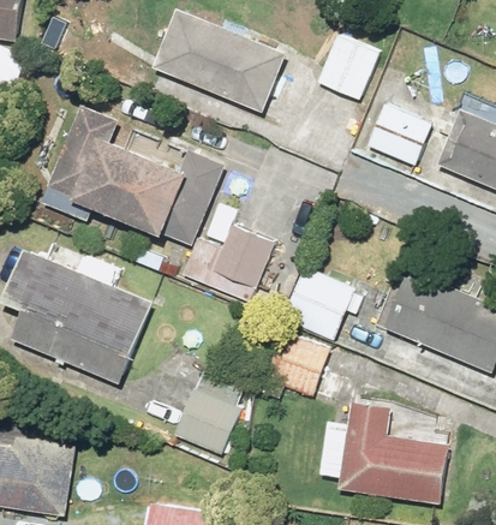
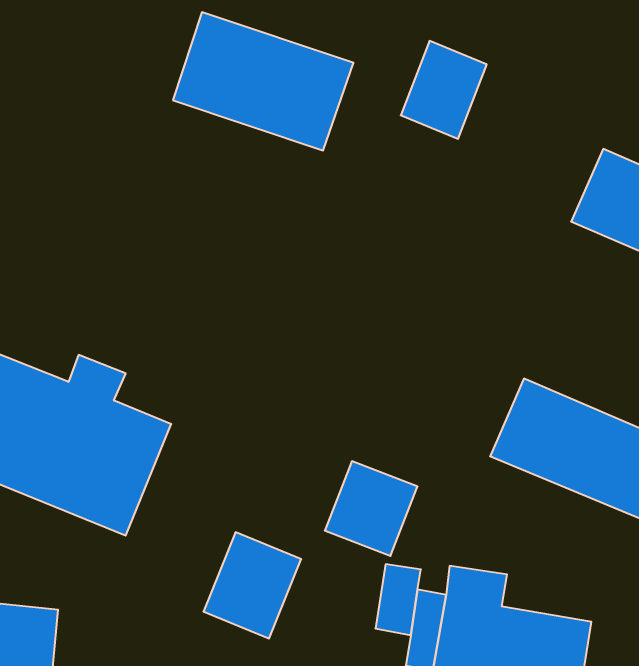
building: [364,99,438,167] -> none
building: [37,105,222,247] -> none
building: [178,221,276,304] -> none
building: [286,264,355,335] -> none

